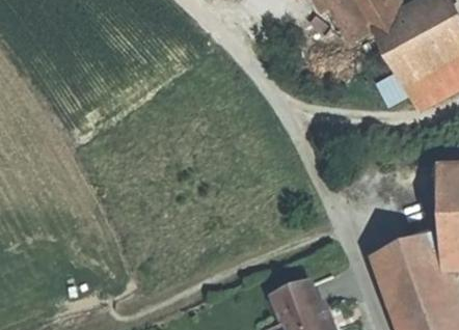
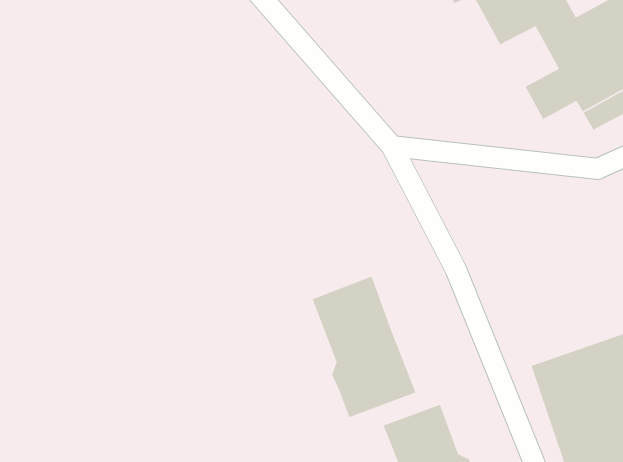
building: none -> [311,275,416,418]

